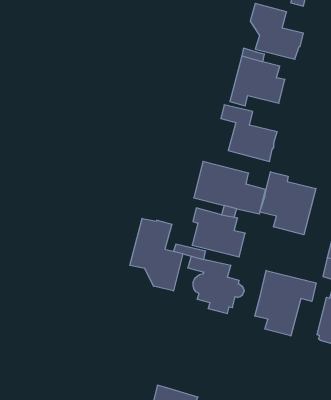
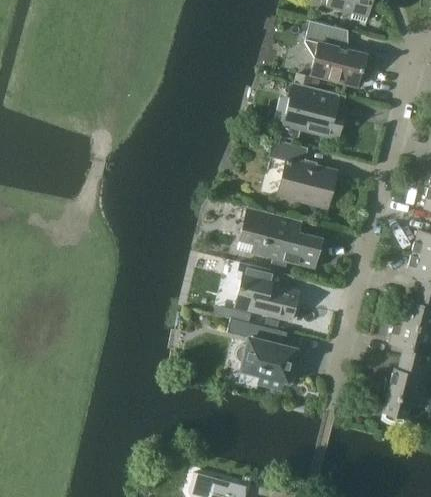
building: [260,172,316,235] -> none
building: [130,218,183,291] -> none
building: [255,270,316,336] -> none

